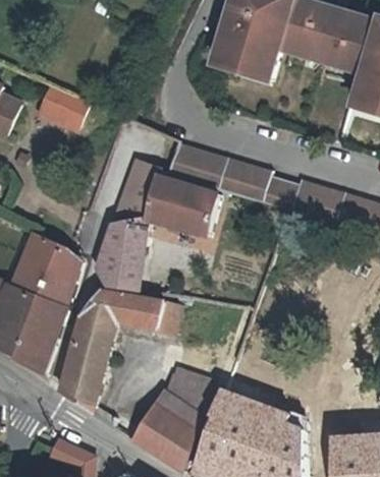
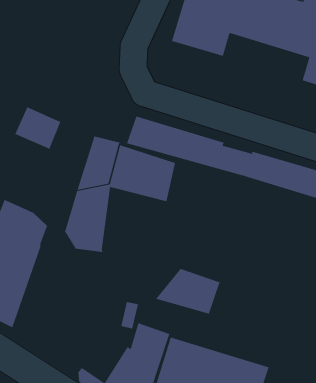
building: [35,85,85,131] -> [15,107,61,150]
building: [61,289,180,409] -> none
building: none -> [155,268,220,315]

